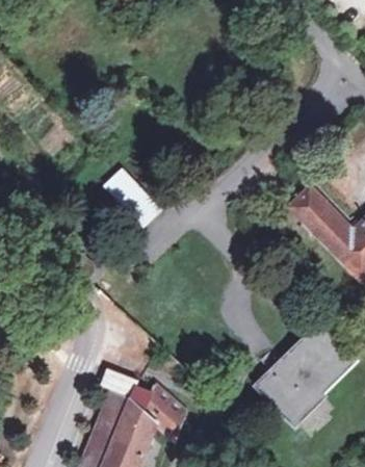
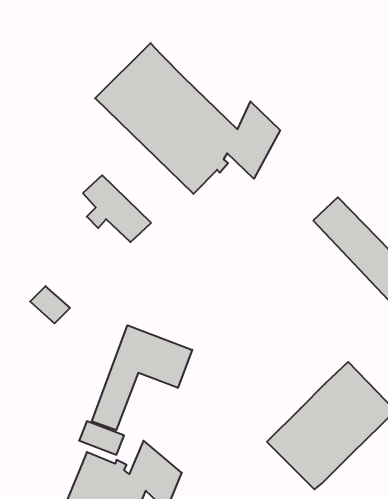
building: none -> [95,43,280,194]
building: none -> [92,325,192,430]

